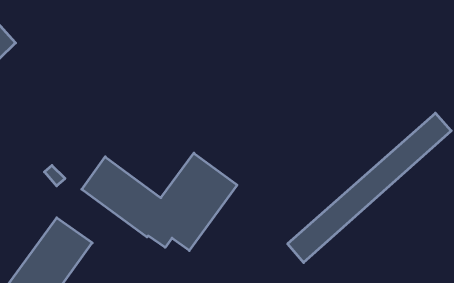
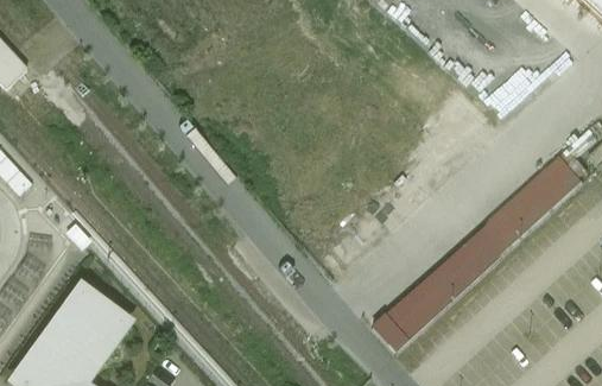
building: [82,153,237,251] -> none

